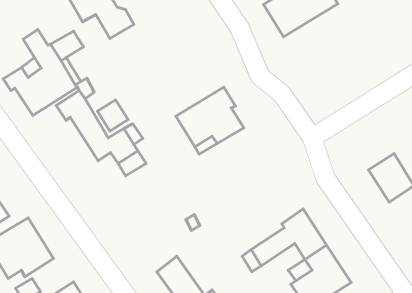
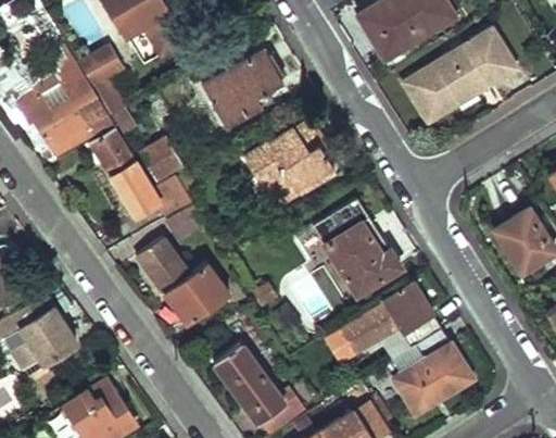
building: none -> [403,28,517,123]
building: none -> [200,50,280,127]
building: none -> [312,200,400,298]
building: none -> [140,239,224,325]

